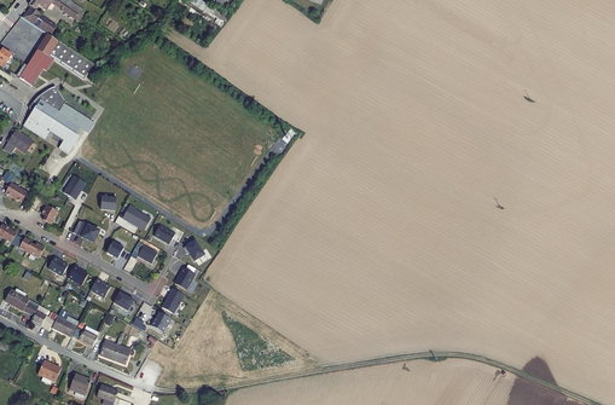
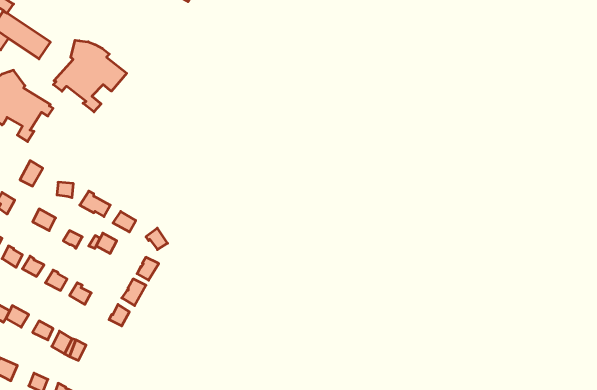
building: none -> [53,40,127,112]

